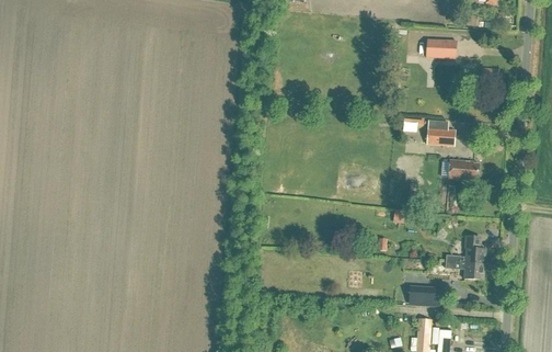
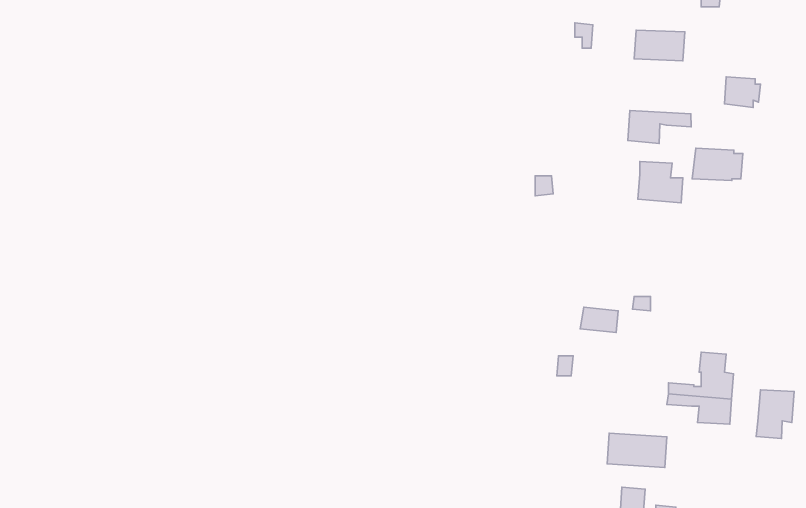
building: none -> [628,110,691,143]
building: [448,159,479,179] -> [692,148,743,181]
building: none -> [756,390,794,439]

